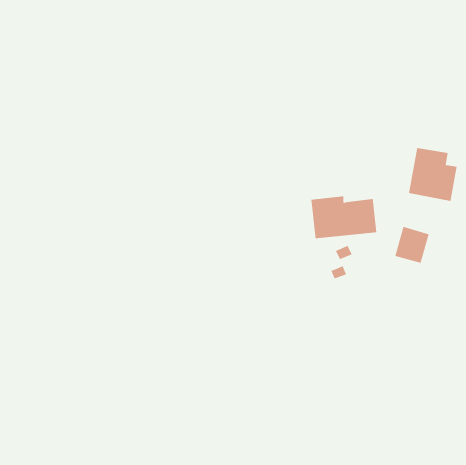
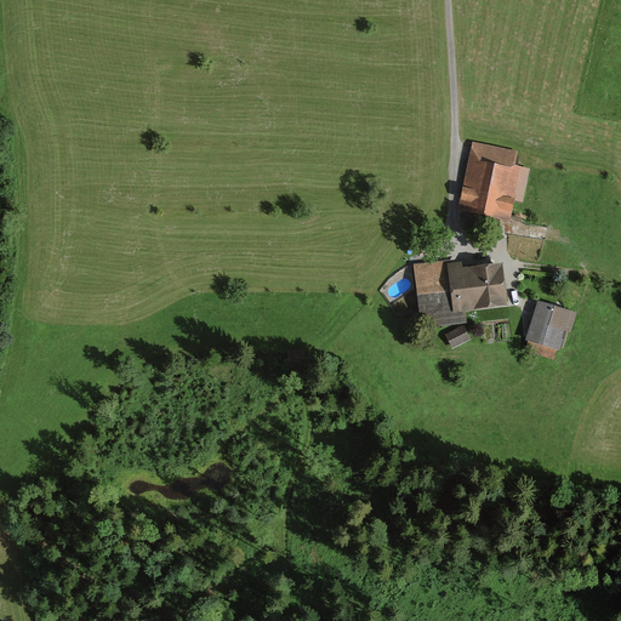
building: [408,147,458,201] -> [462,143,528,215]

